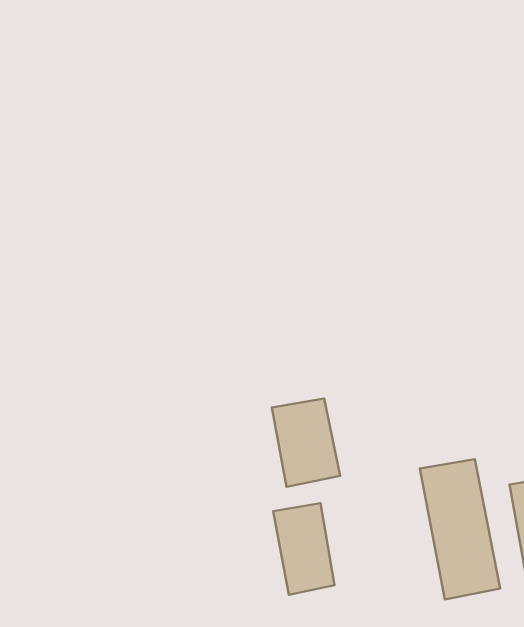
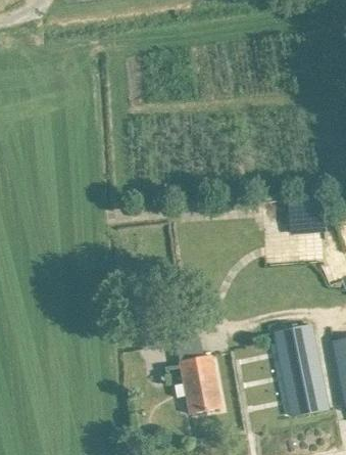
building: [272,399,340,487] -> none

